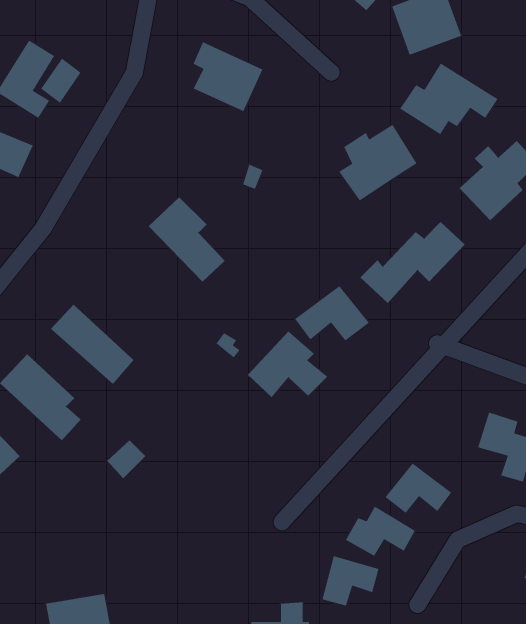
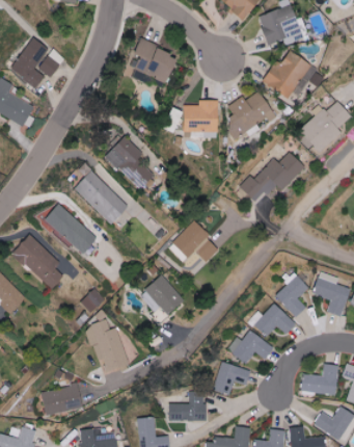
building: none -> [183,100,217,137]
building: none -> [72,164,128,226]
building: [294,285,370,342] -> none
building: none -> [273,274,307,318]
building: none -> [138,275,184,316]
building: none -> [85,321,128,372]
building: none -> [301,364,337,395]

